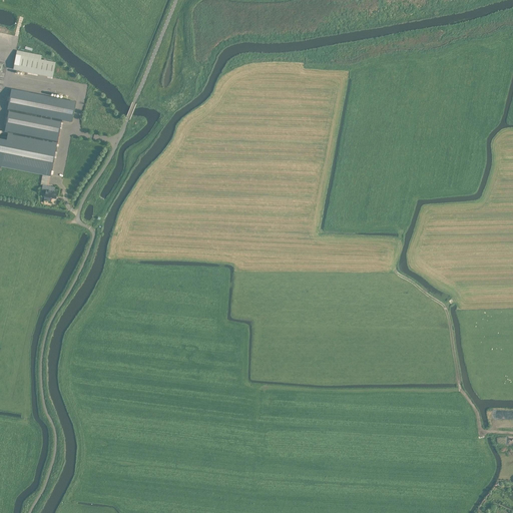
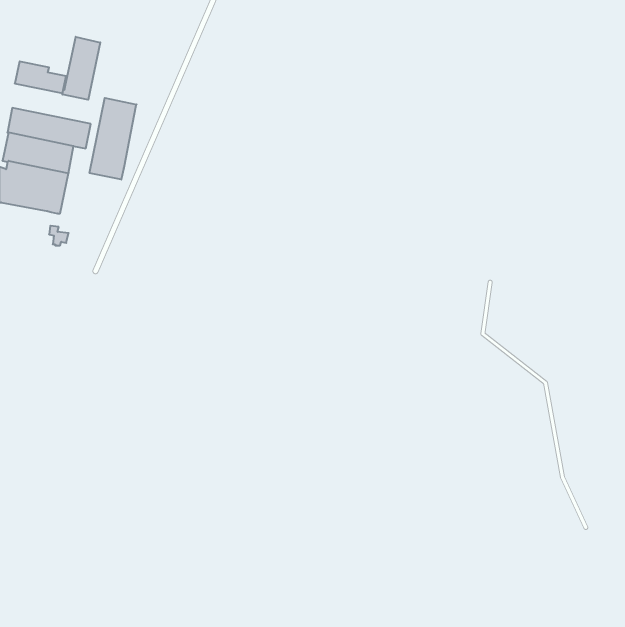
building: none -> [62,37,100,100]
building: none -> [90,98,137,180]

